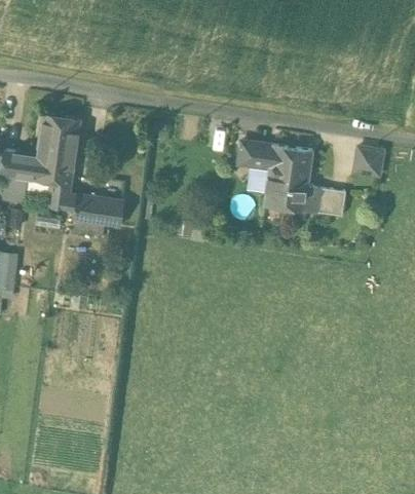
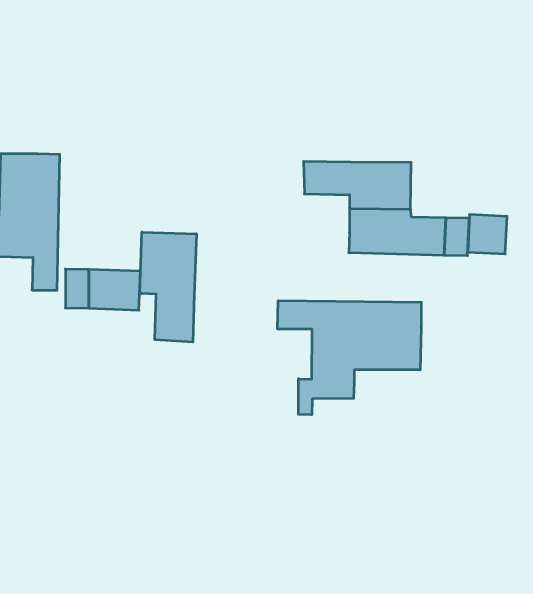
building: [354,147,383,176] -> [468,215,507,254]
building: none -> [140,232,196,342]
building: none -> [278,301,421,415]

